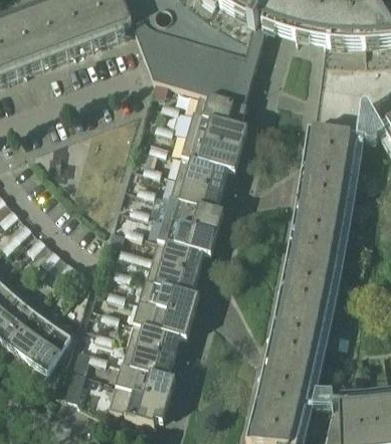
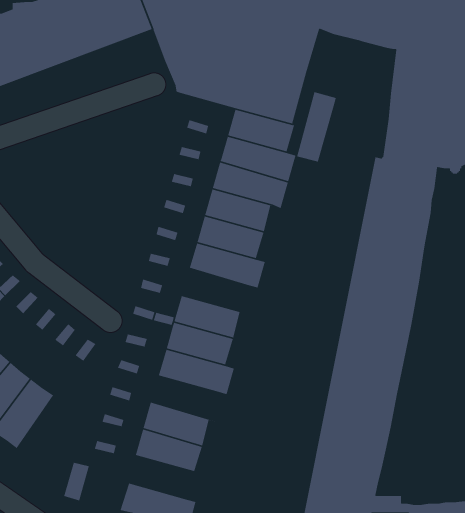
building: none -> [296,91,337,163]
building: [158,215,218,252] -> none
building: [134,299,194,336] -> none
building: [29,314,78,370] -> none
building: [117,362,176,398] -> none

